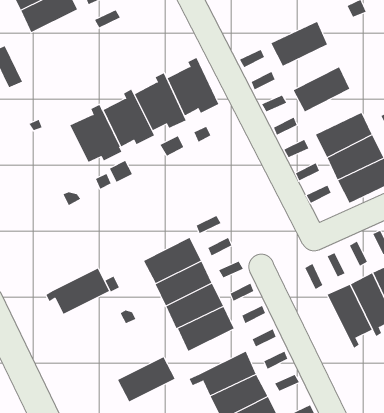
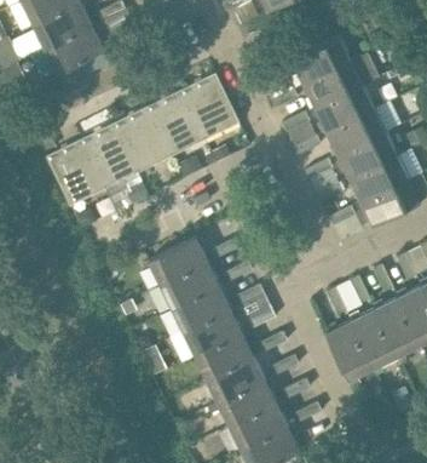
building: none -> [29,24,103,80]
building: none -> [302,53,376,108]
building: none -> [325,107,385,154]
building: none -> [45,139,104,206]
building: [46,268,110,315] -> [140,236,207,285]
building: none -> [324,320,373,387]
building: [117,357,176,402] -> [204,355,265,402]

